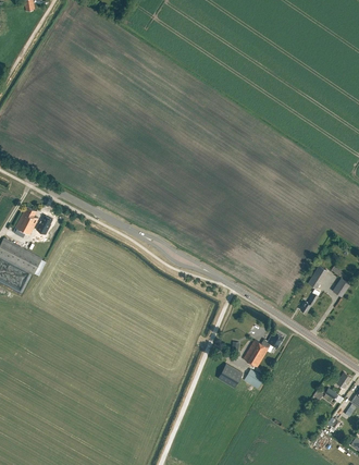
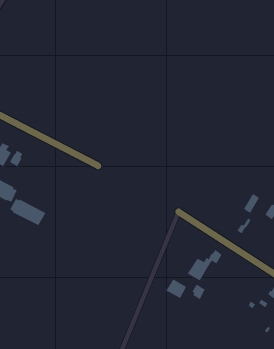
building: none -> [9,198,46,226]

